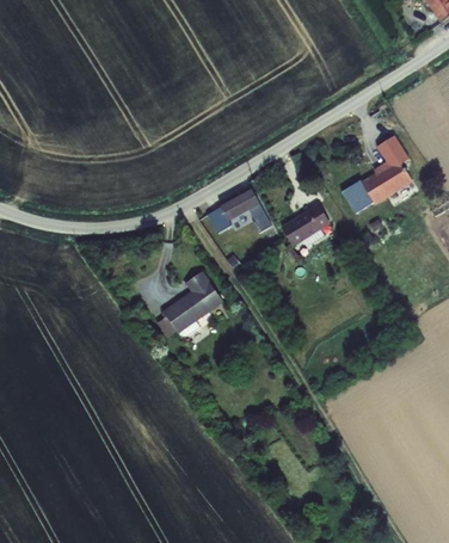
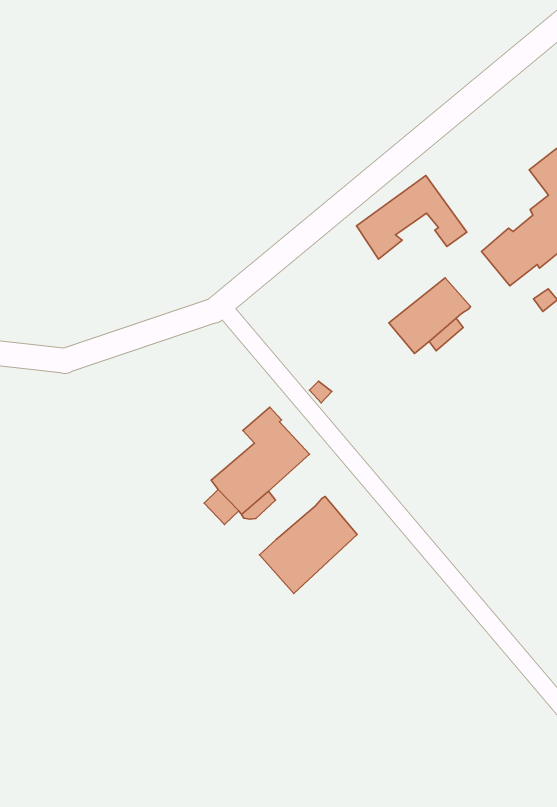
building: [207,189,272,235] -> [357,175,467,259]
building: none -> [260,497,357,593]

